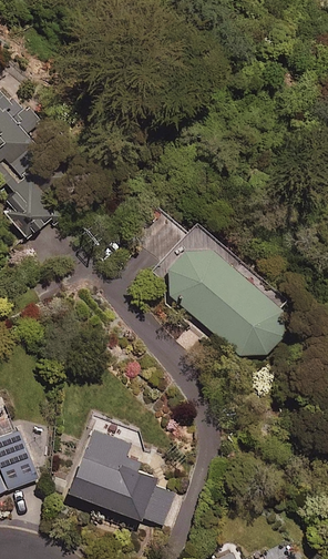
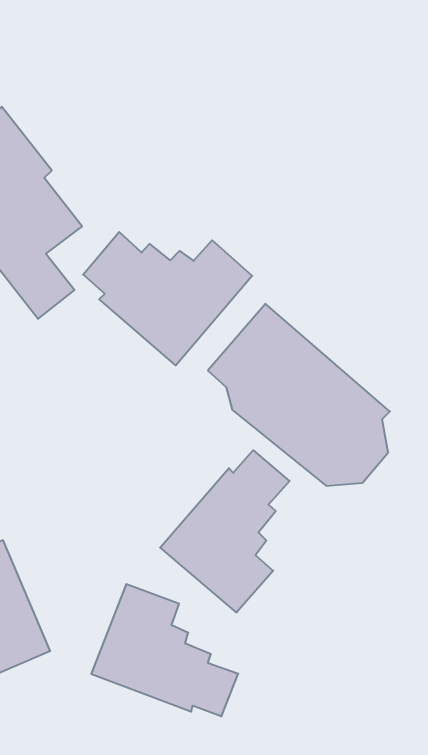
building: none -> [83,232,252,365]
building: none -> [160,450,290,613]

